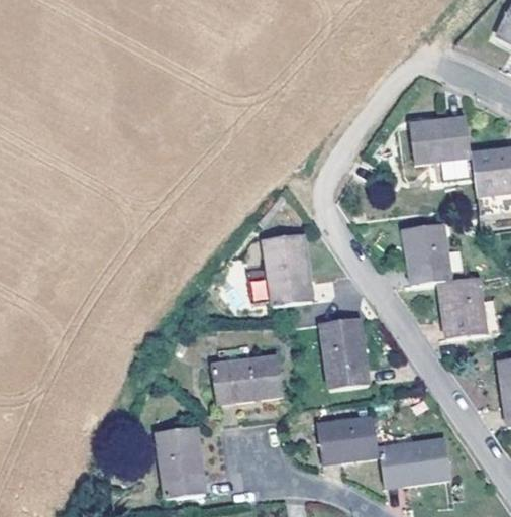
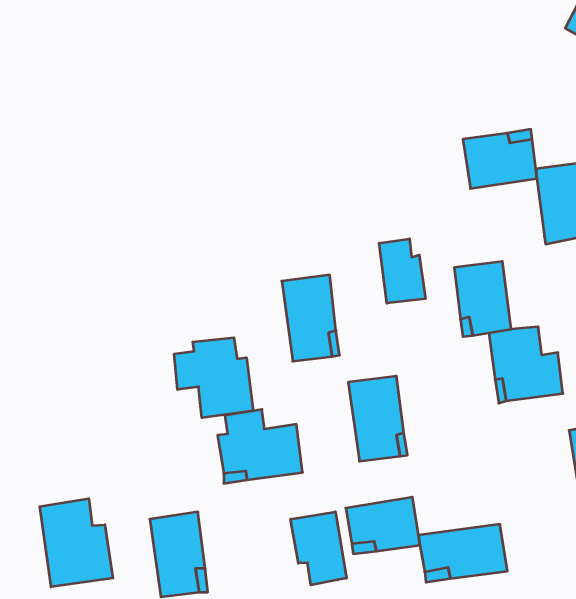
building: none -> [379,239,425,303]
building: none -> [174,338,253,418]
building: none -> [40,499,113,587]
building: none -> [291,512,346,585]

